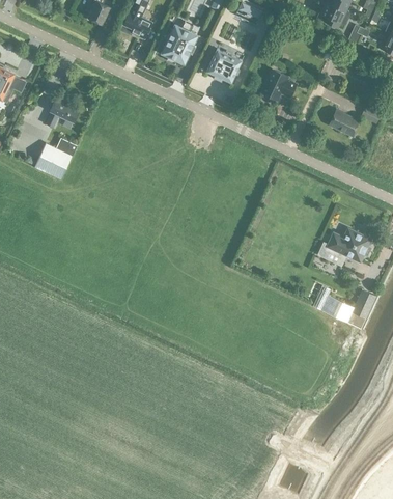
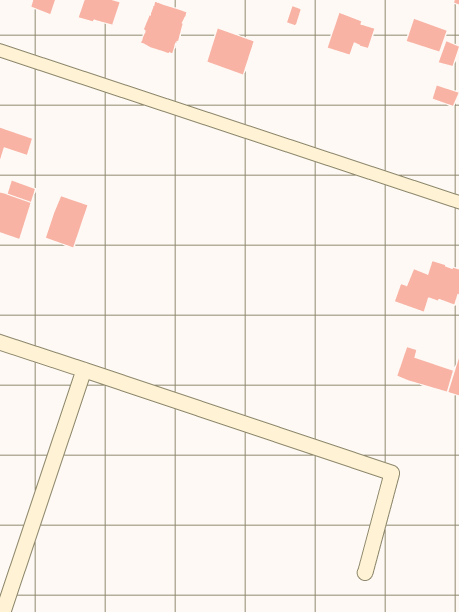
building: [260,68,296,100] -> [327,12,375,55]
building: [328,109,358,135] -> [406,18,447,52]
building: none -> [45,196,88,248]

